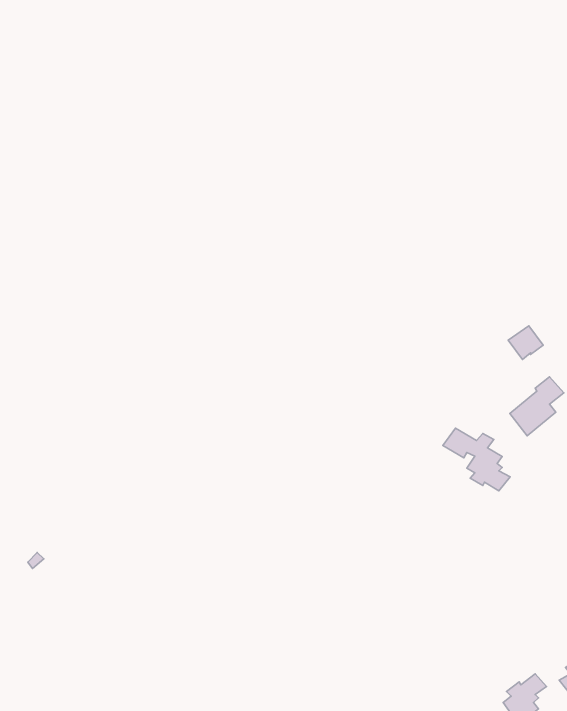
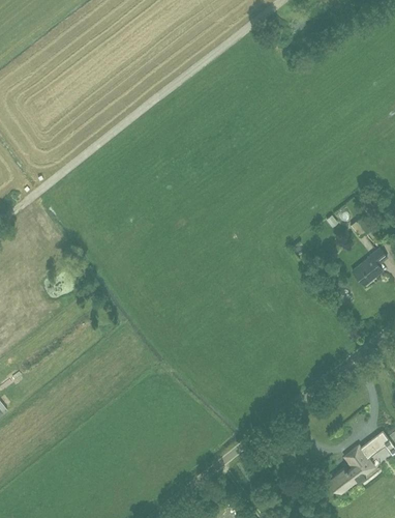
building: [443,428,510,491] -> none

